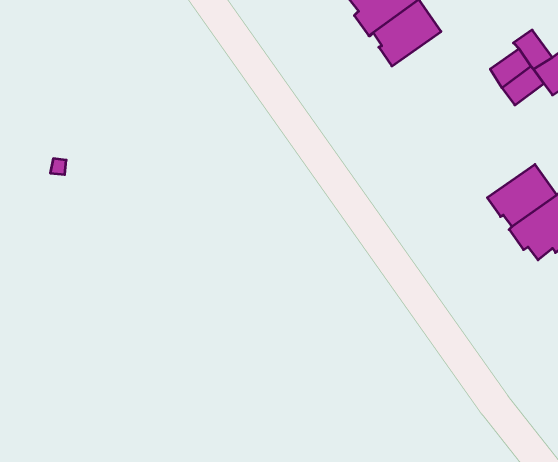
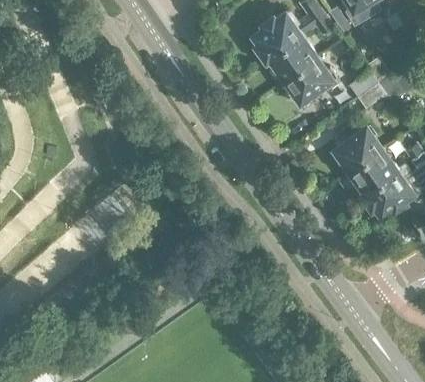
building: none -> [282,60,337,104]
building: none -> [335,125,381,175]

